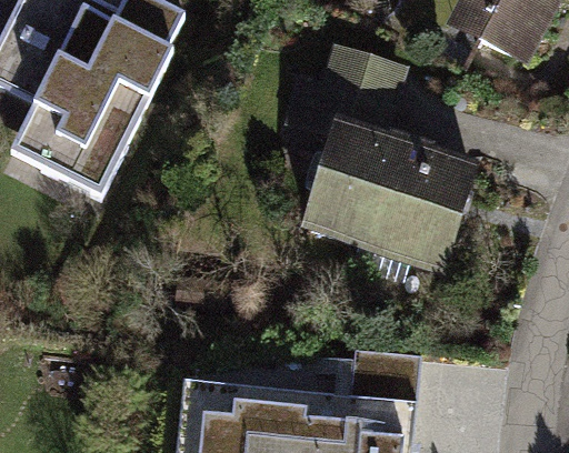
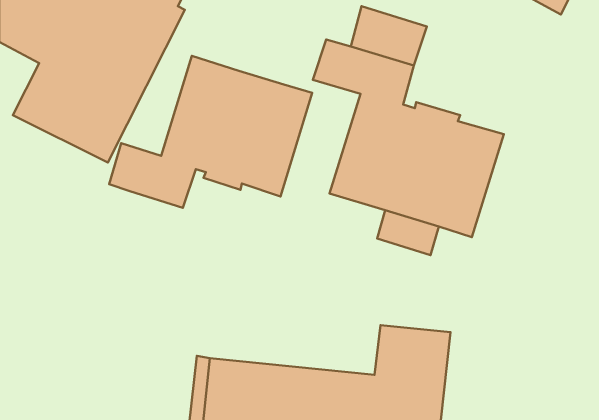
building: none -> [109,56,312,208]

